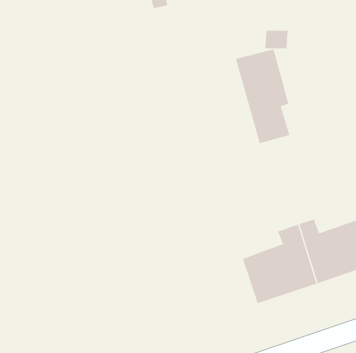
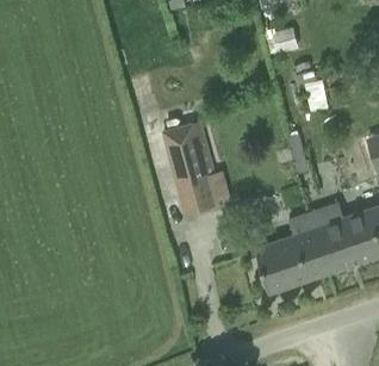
building: [235,49,290,144] -> [163,122,216,212]

